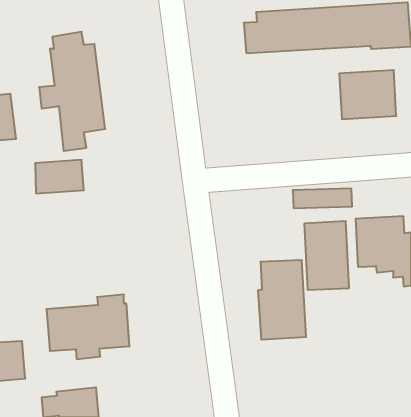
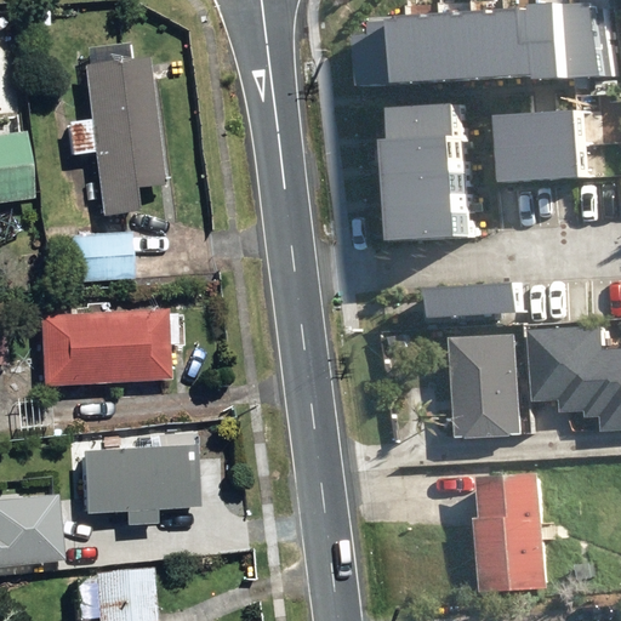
building: none -> [398,99,469,235]
building: none -> [29,315,169,393]
building: [258,260,306,339] -> [479,478,551,596]

